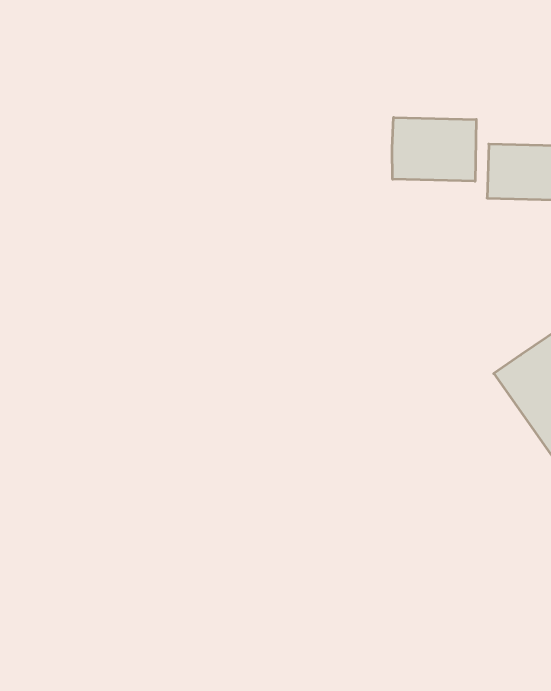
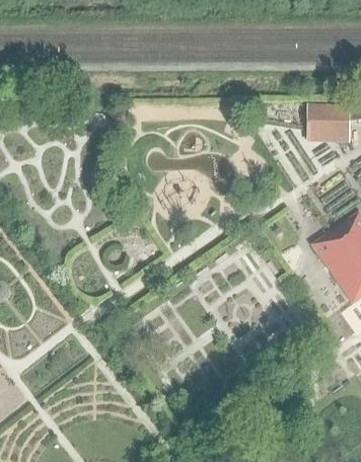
building: [392,117,476,181] -> none

